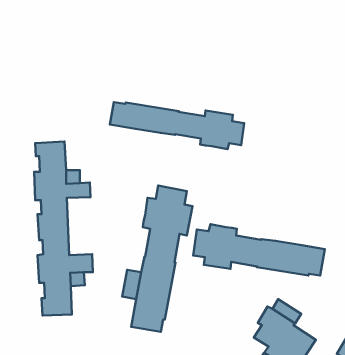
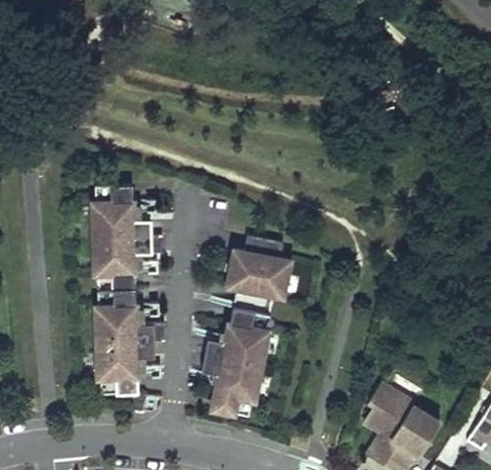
building: [110,102,244,149] -> none
building: [193,224,325,276] -> none

